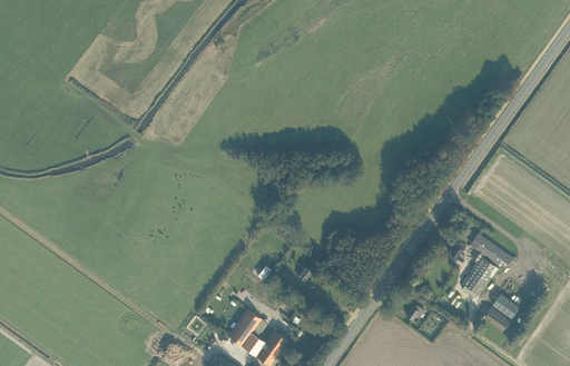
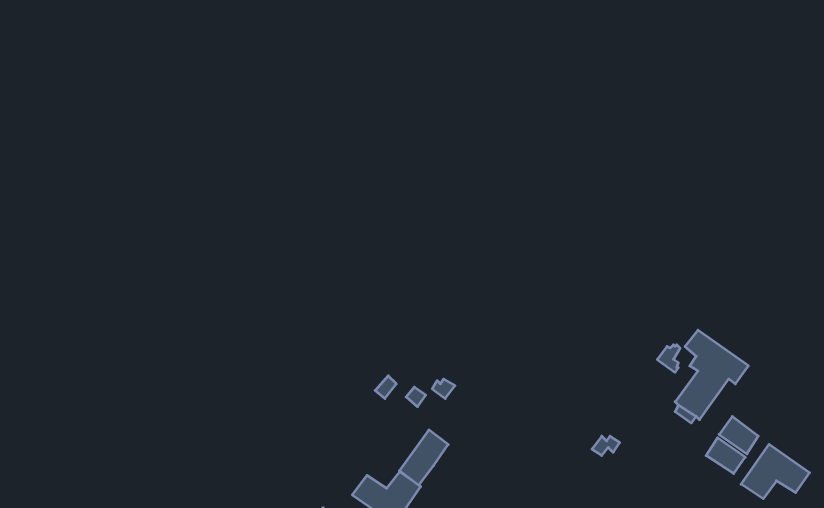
building: [228,308,262,346] -> [399,430,448,485]
building: none -> [741,444,810,499]

